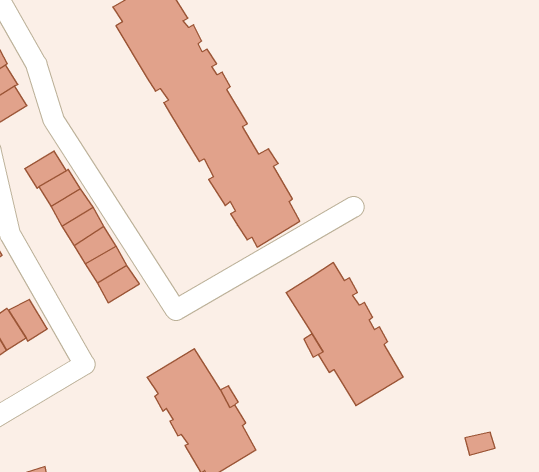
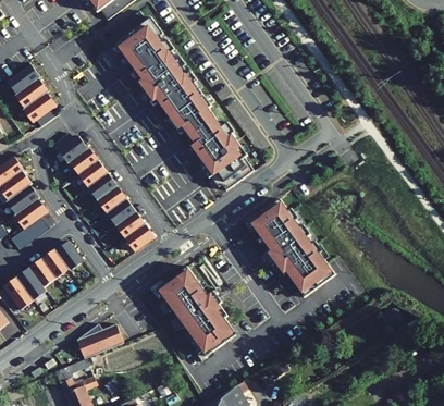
building: none -> [124,224,155,253]
building: none -> [75,323,123,358]

